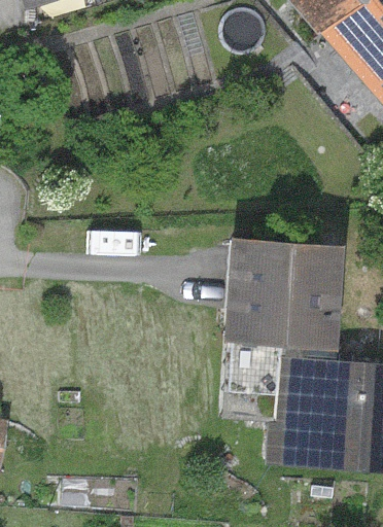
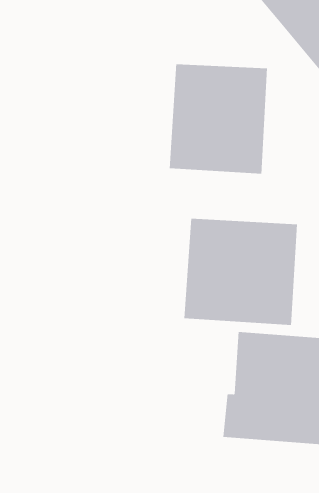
building: none -> [169,63,267,174]

